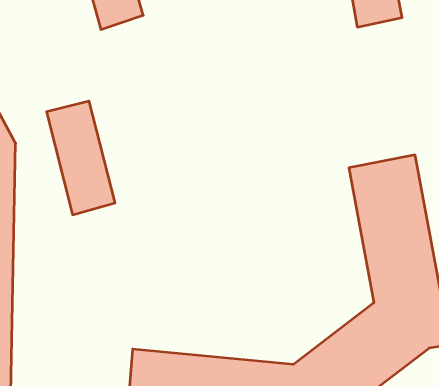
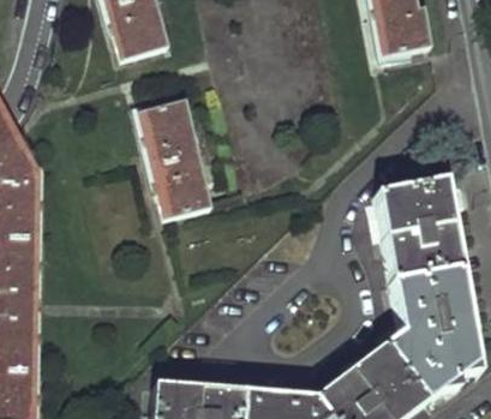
building: [47,101,115,215] -> [142,98,211,214]

